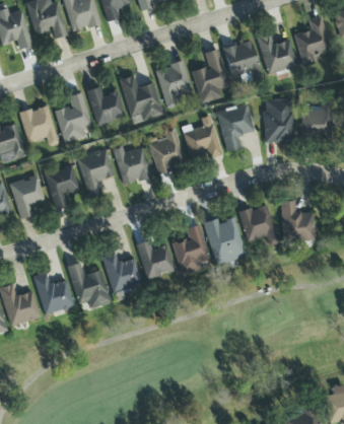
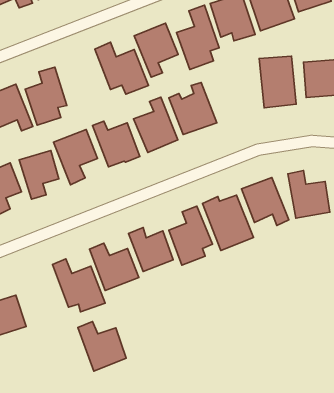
building: [86,86,125,125] -> none
building: [216,102,255,151] -> none
building: [32,272,73,315] -> [78,322,126,371]

